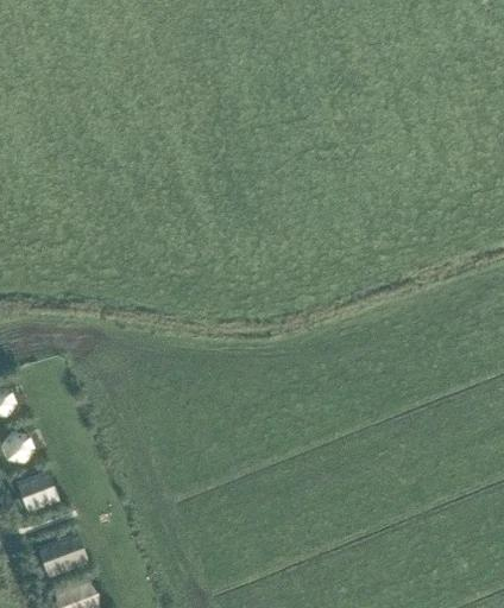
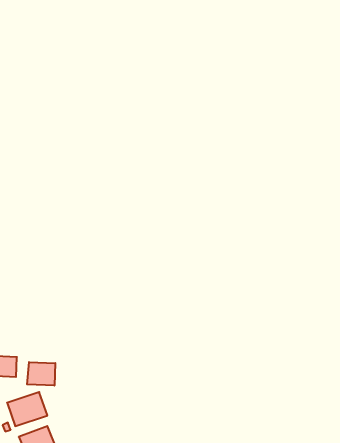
building: none -> [27,362,55,386]

